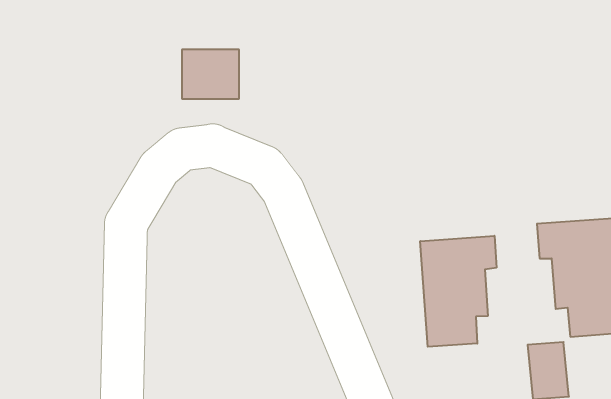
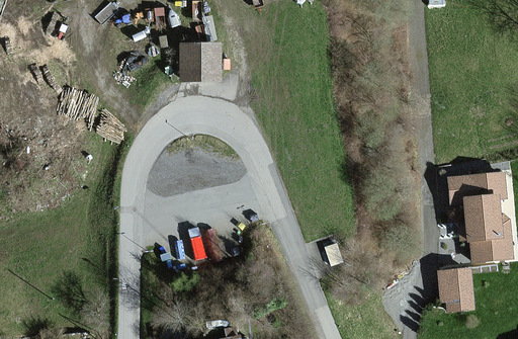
building: [420,236,496,347] -> none

